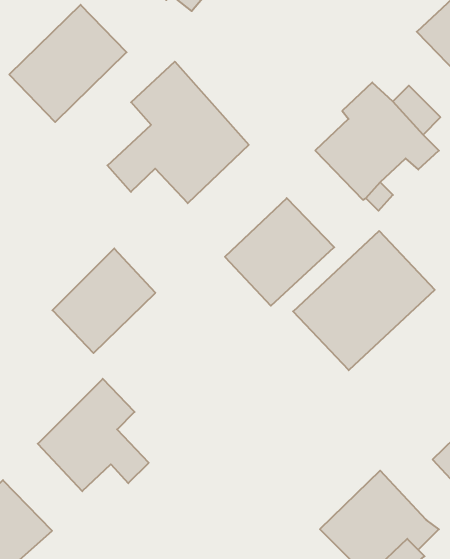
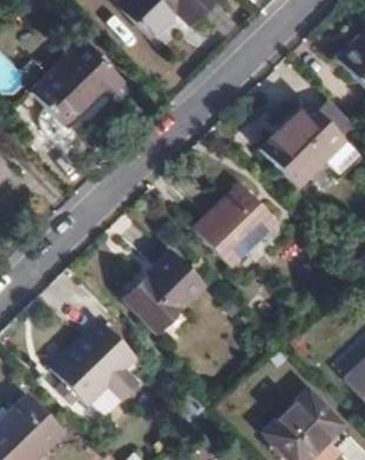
building: [107,62,249,203] -> none
building: [293,231,435,370] -> none
building: [52,248,155,353] -> [126,251,203,330]

